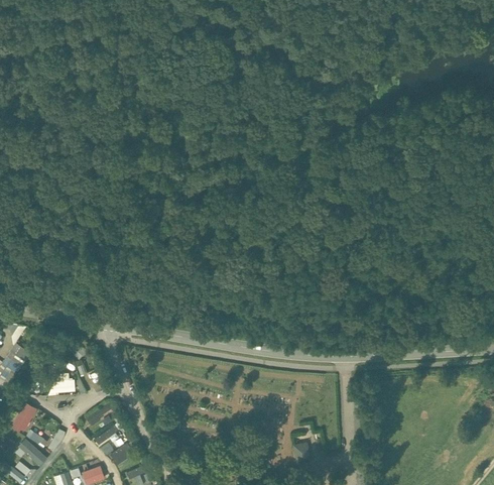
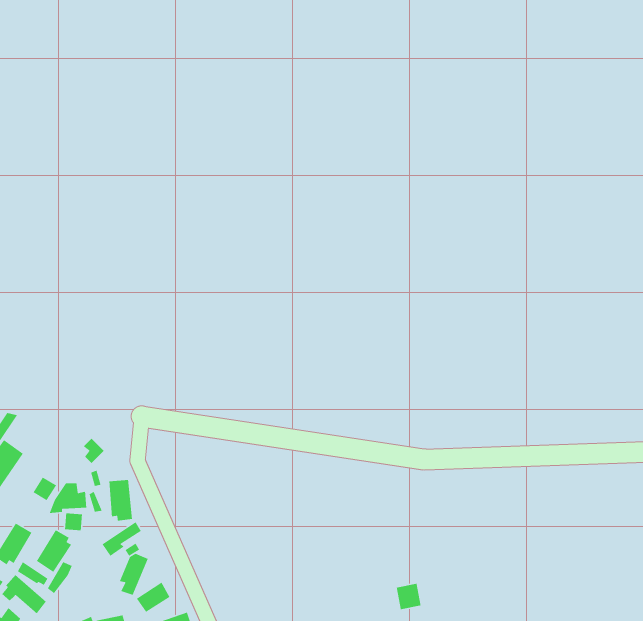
building: none -> [109,479,133,522]
building: none -> [36,529,72,573]

